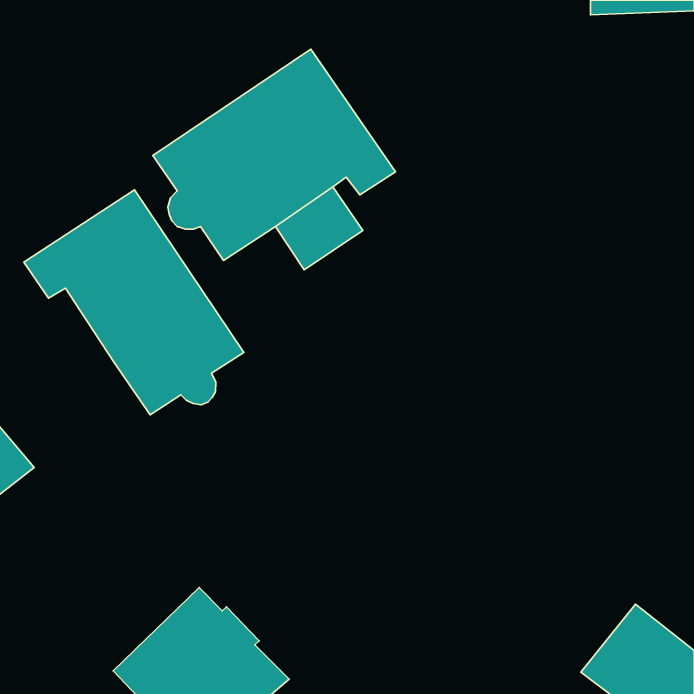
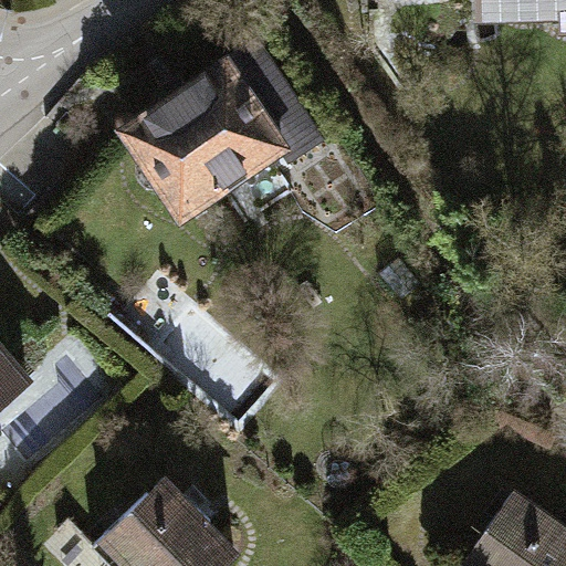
building: [24,190,244,415] -> none

